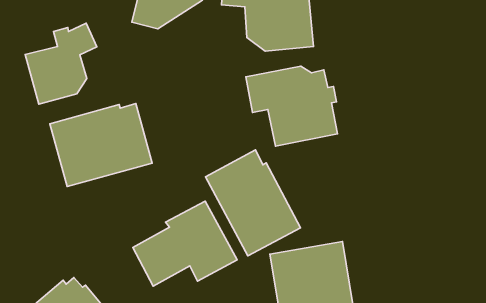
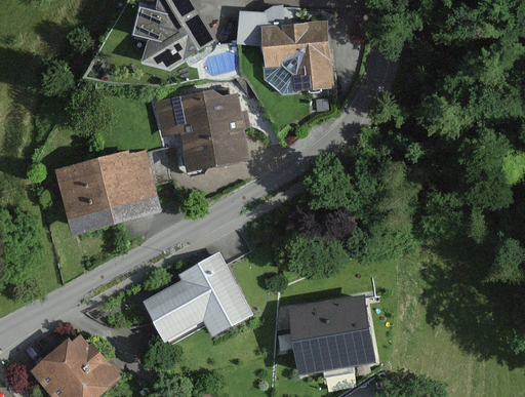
building: [25,23,97,104] -> none
building: [246,66,337,146] -> [153,89,250,174]
building: [205,150,301,256] -> none

